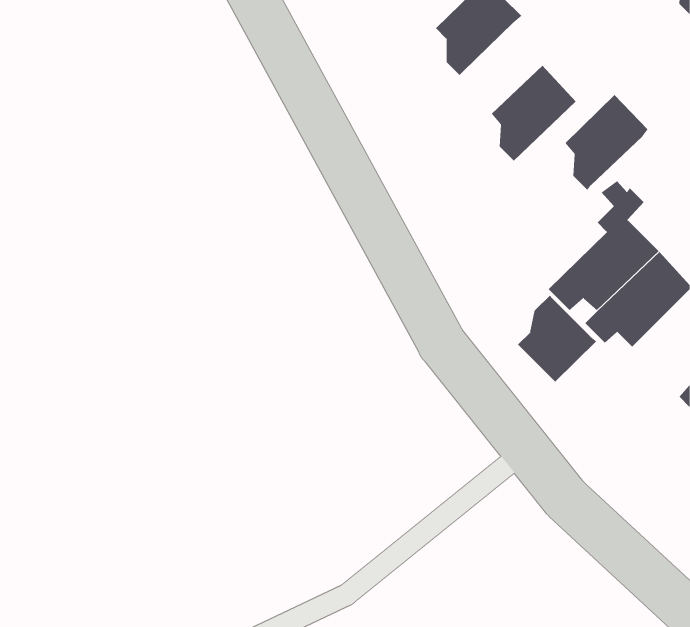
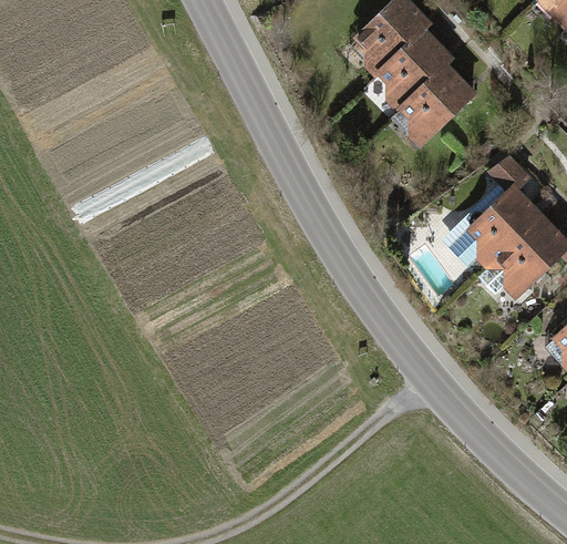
building: [564,94,649,191] -> [381,30,450,109]
building: [517,295,597,383] -> none

